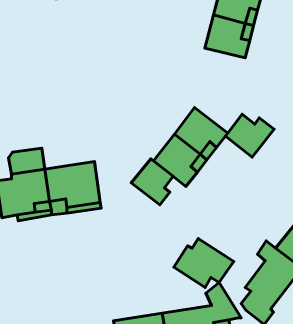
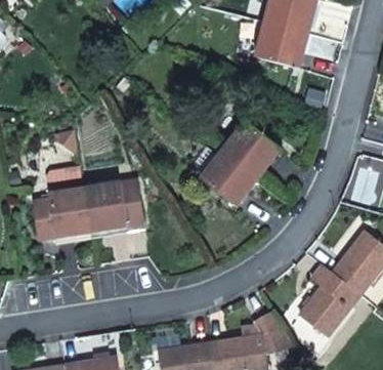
building: [226,114,274,157] -> none
building: [131,159,173,205] -> none
building: [174,238,234,287] -> none

